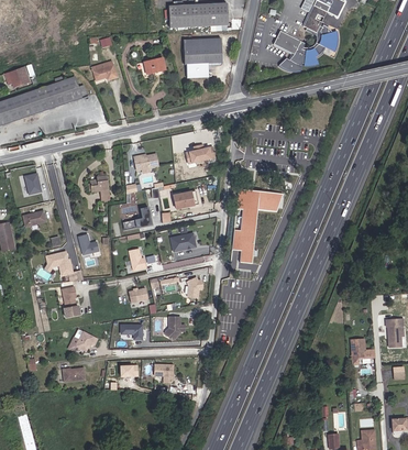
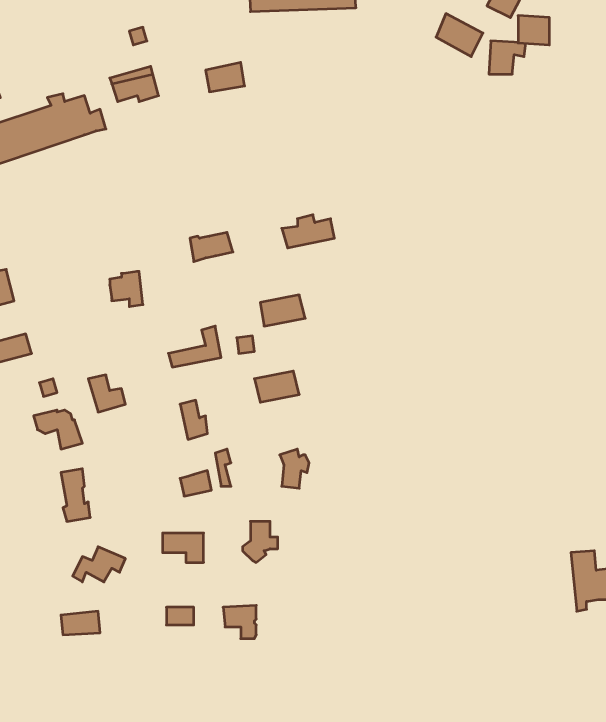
building: [184,39,222,78] -> none
building: [232,189,280,263] -> none

